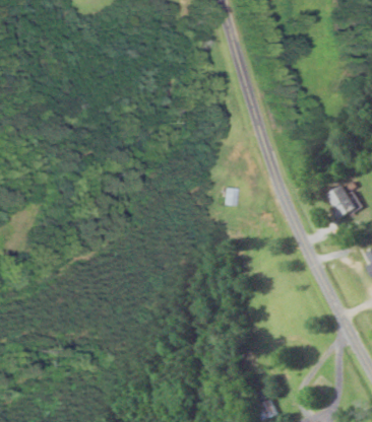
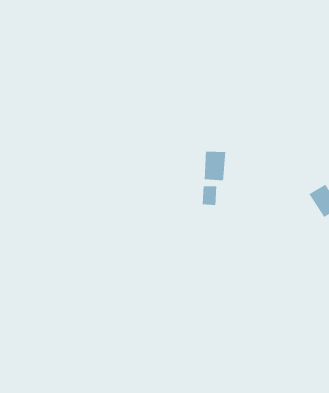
building: none -> [204,151,226,181]

